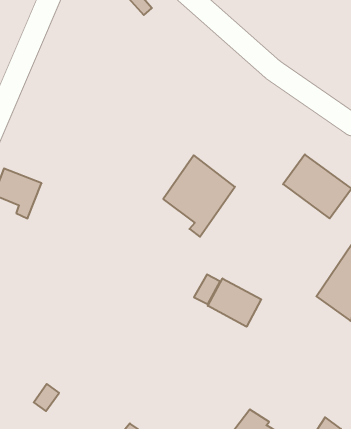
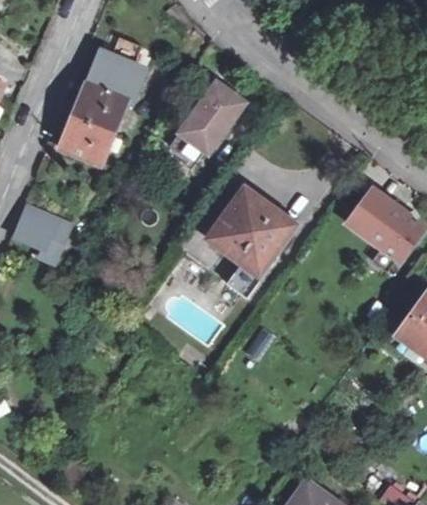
building: none -> [59,52,145,164]
building: none -> [181,80,247,150]
building: [208,278,261,327] -> none

